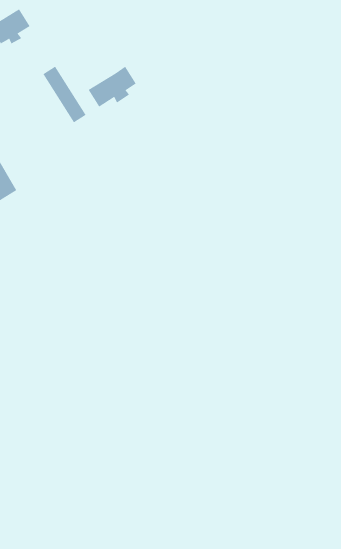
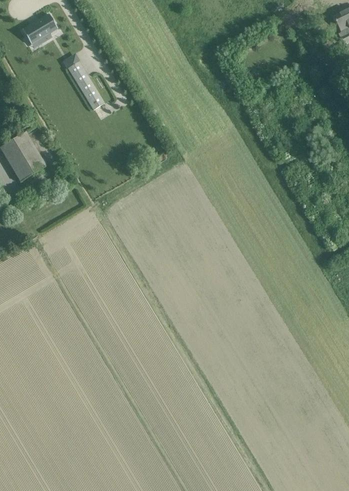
building: [88,66,137,107] -> none

